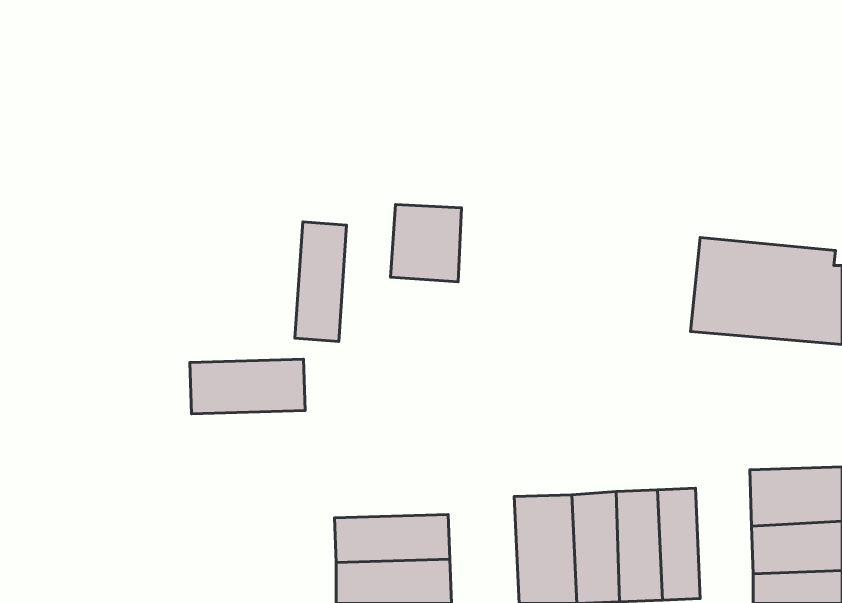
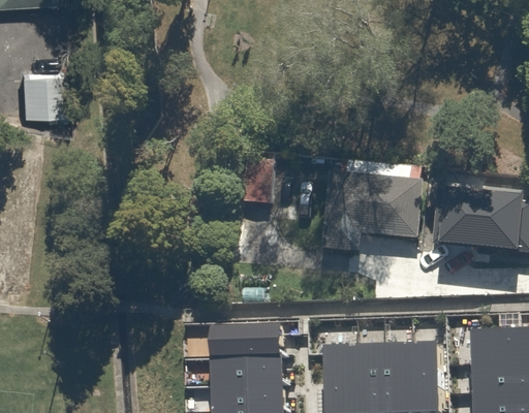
building: none -> [21,69,70,120]
building: [295,222,347,342] -> none
building: none -> [329,178,422,258]
building: [190,359,305,414] -> [209,324,281,358]

